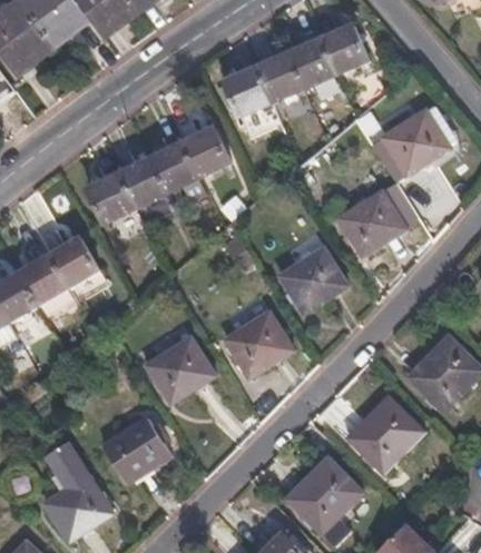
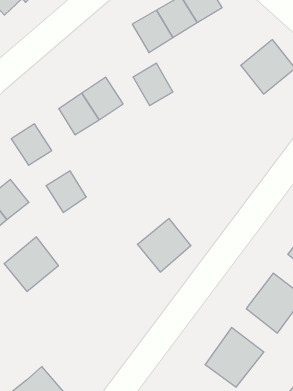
building: [224,66,271,117] -> [133,63,173,106]
building: [118,158,166,208] -> [46,171,86,212]
building: [338,191,404,255] -> none
building: [279,247,347,312] -> none
building: [146,335,213,401] -> [4,237,58,291]
building: [102,416,170,482] -> none
building: [42,441,87,487] -> none

